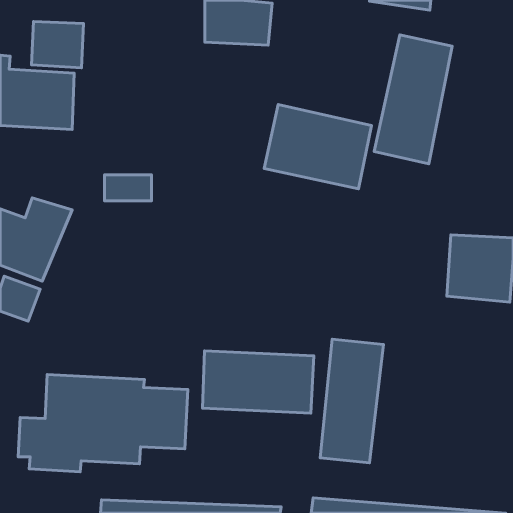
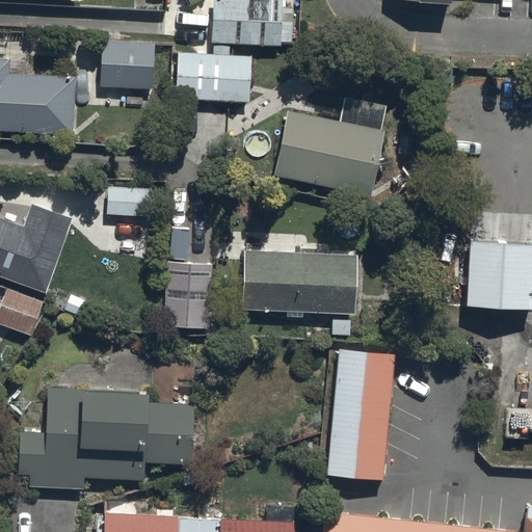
building: [31,22,84,68] -> [100,41,154,88]
building: [374,35,452,164] -> none
building: none -> [175,52,250,102]
building: none -> [163,261,212,328]
building: [202,351,314,413] -> [243,249,358,314]

